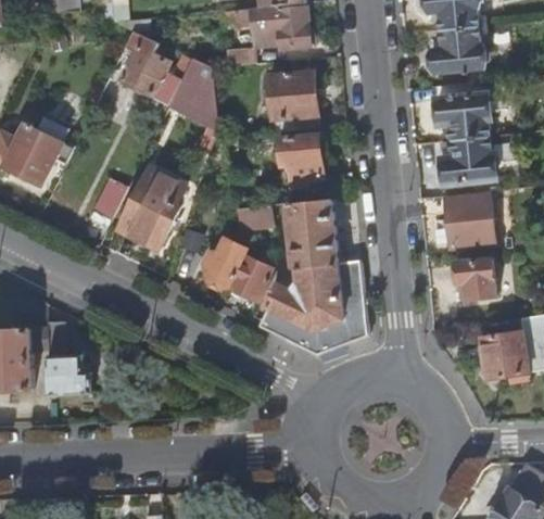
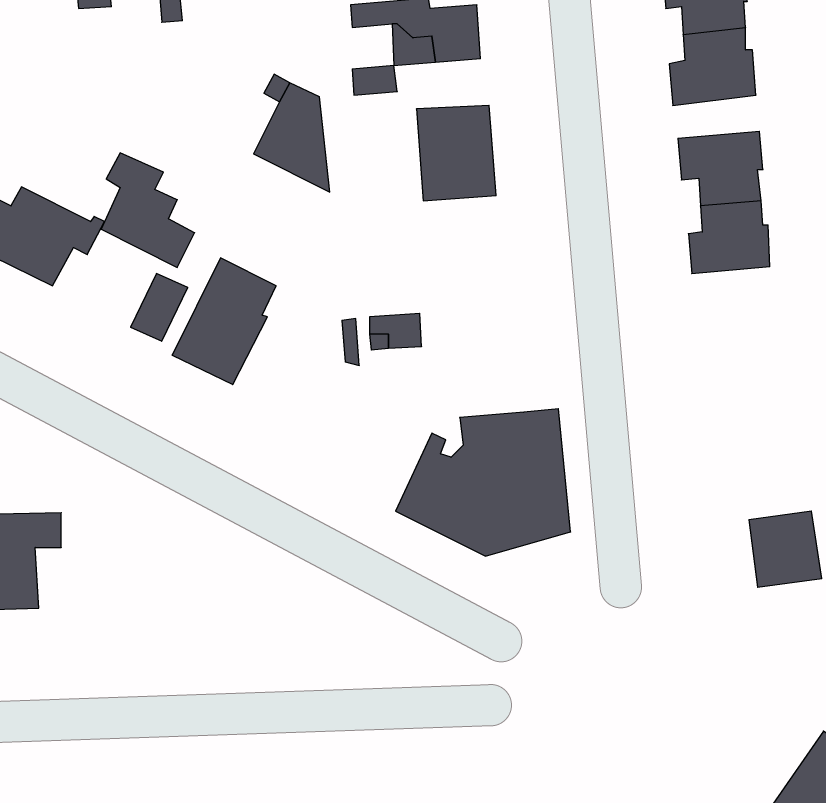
building: [119,31,178,103] -> [101,153,195,267]
building: [277,136,321,181] -> none
building: [444,193,490,245] -> none
building: [288,199,337,268] -> none
building: [201,238,274,303] -> none
building: [454,254,494,296] -> none
building: [46,321,90,395] -> none

